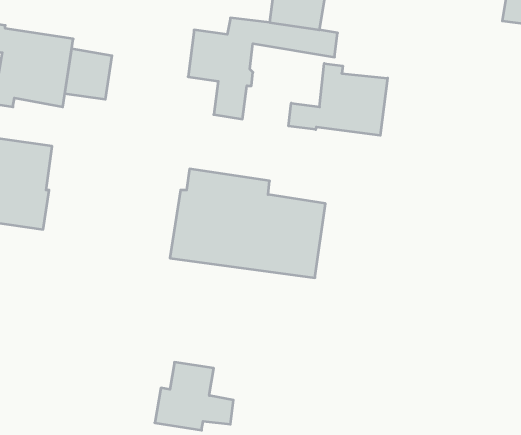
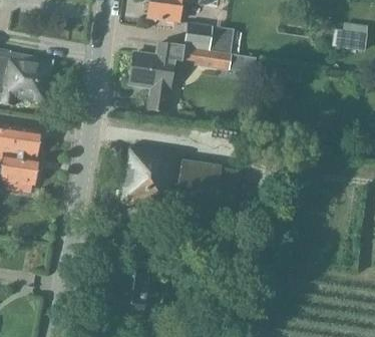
building: [65,49,112,99] -> none
building: [289,63,388,135] -> none

